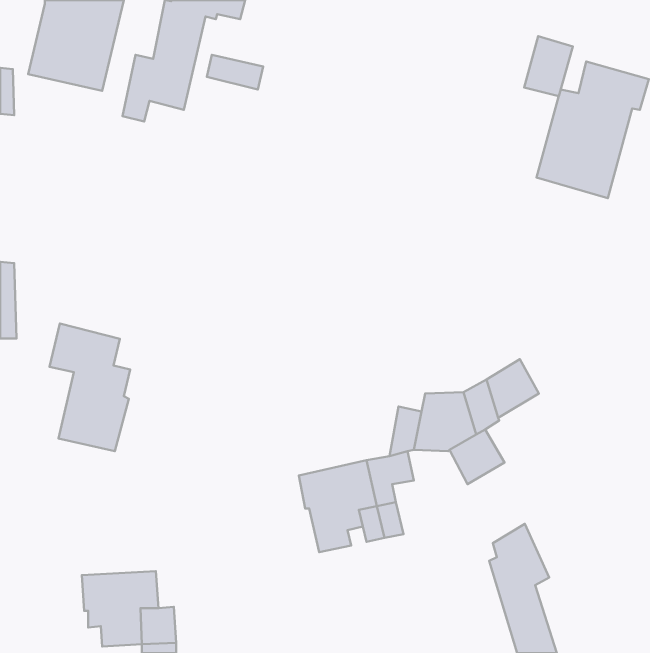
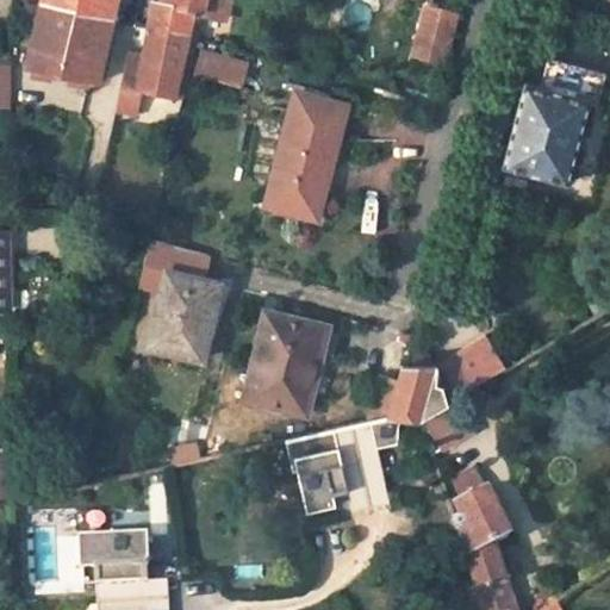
building: [524,36,573,96] -> [413,7,459,63]
building: none -> [263,93,347,218]
building: [50,323,130,451] -> [141,243,216,362]
building: none -> [241,315,320,412]

